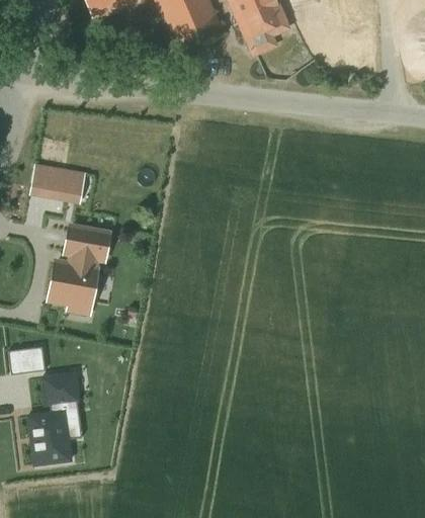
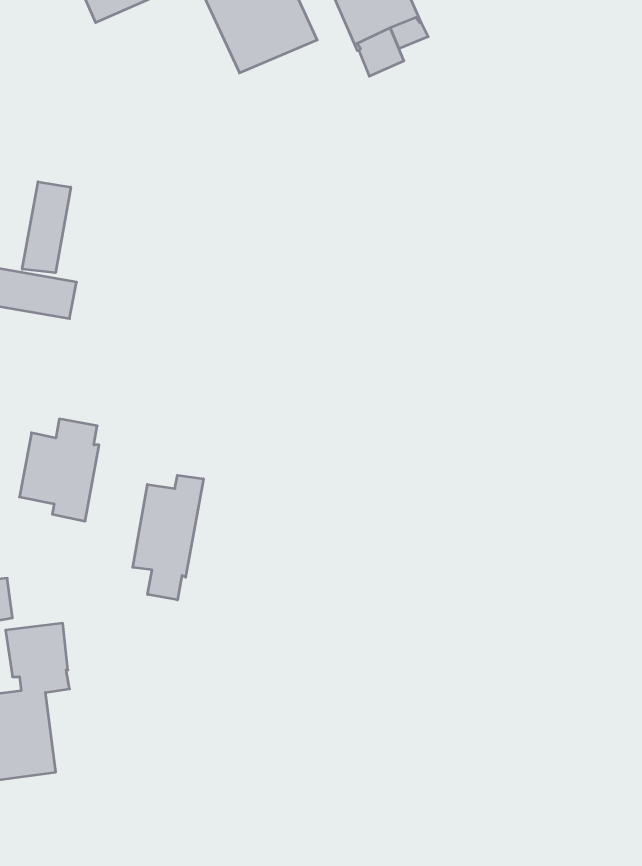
building: none -> [22,182,71,273]
building: [66,226,108,257] -> none
building: none -> [133,475,203,600]

